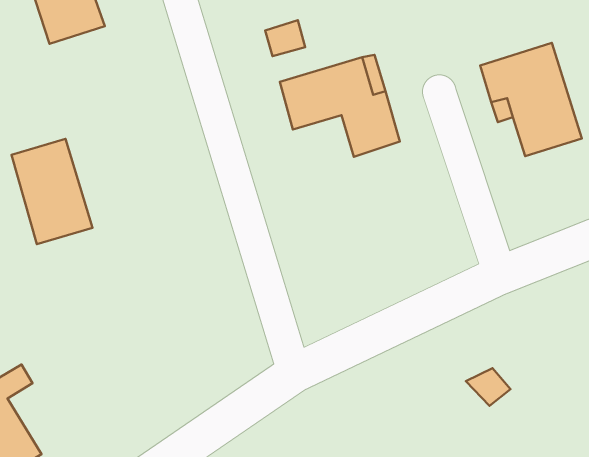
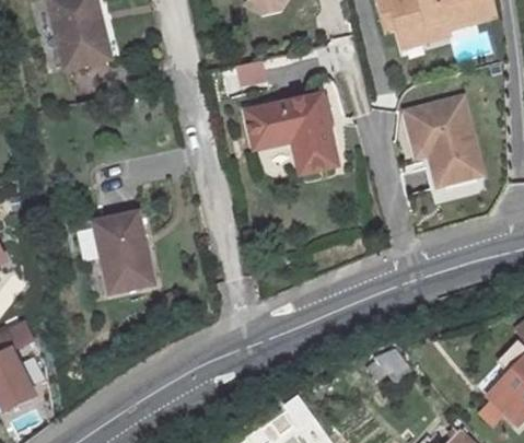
building: [12,139,92,244] -> [93,213,153,295]

